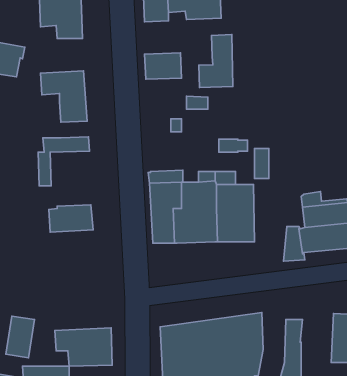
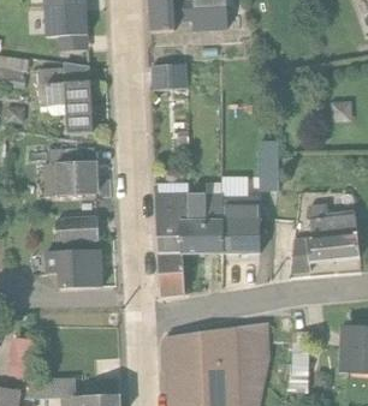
building: [199,34,233,87] -> none
building: none -> [36,60,89,114]
building: none -> [55,161,99,196]
building: none -> [159,253,184,294]
building: [55,328,112,366] -> [44,250,102,288]

